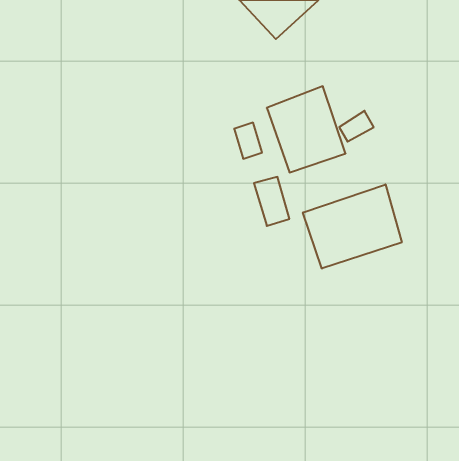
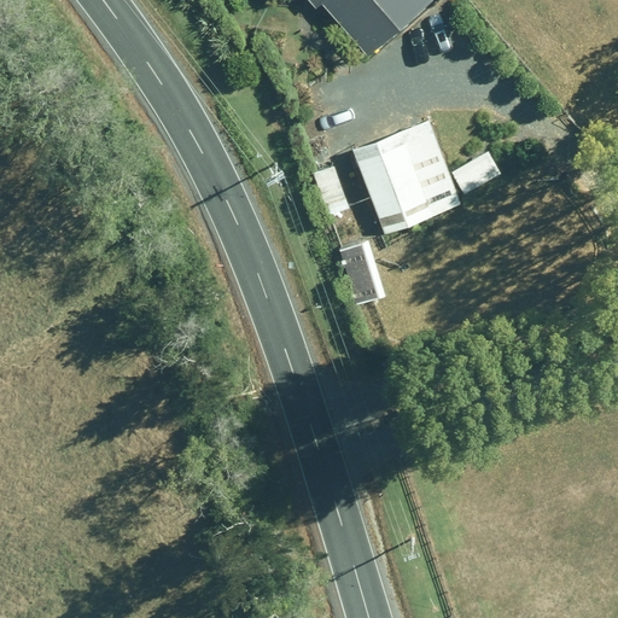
building: [303,184,402,269] -> none

